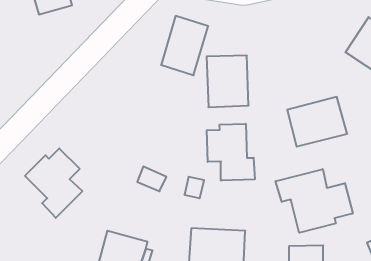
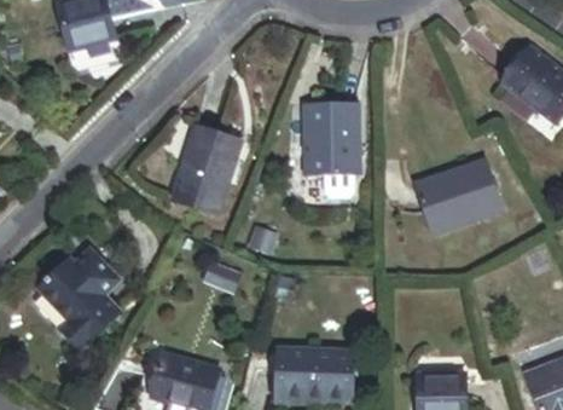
building: [161,16,208,75] -> [172,122,238,206]
building: [207,124,255,181] -> none
building: [276,169,353,233] -> none

